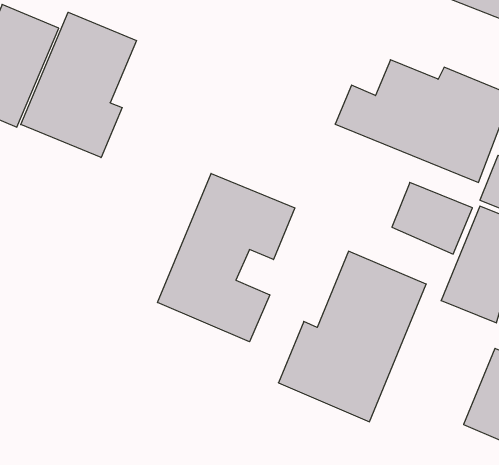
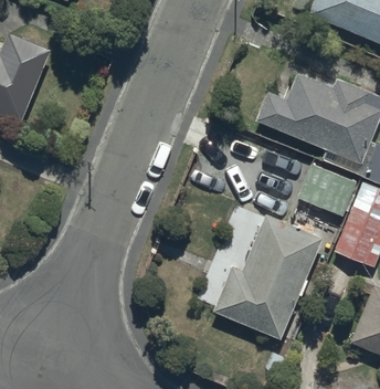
building: [21,12,137,158] -> none
building: [158,173,295,342] -> none

